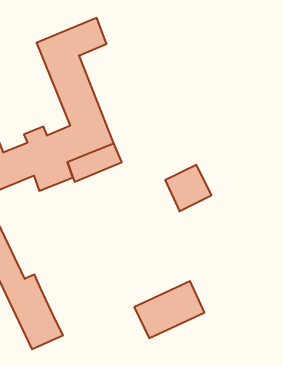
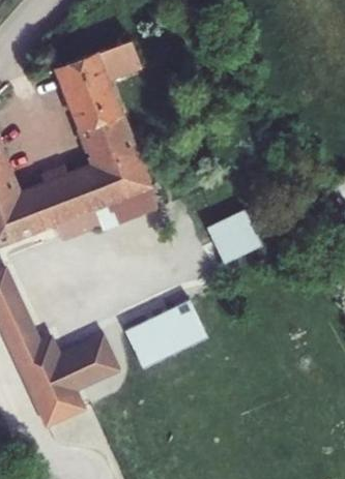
building: none -> [59,334,121,392]
building: [134,281,204,338] -> [125,301,207,367]

